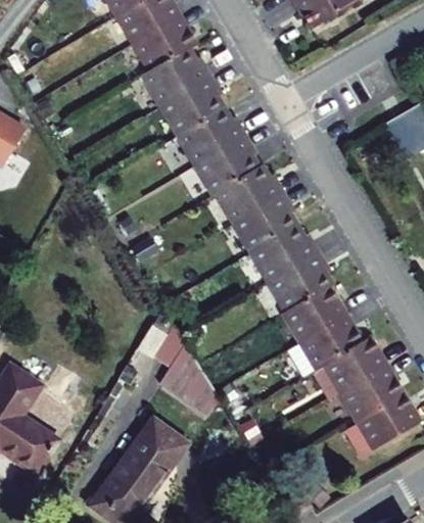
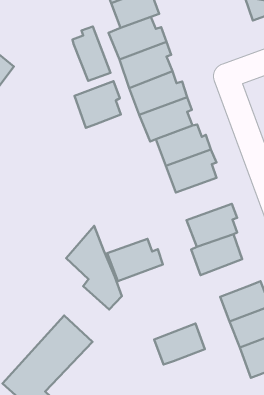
building: none -> [73,27,111,81]
building: none -> [74,81,121,128]
building: [248,221,317,277] -> [107,239,163,281]
building: [294,312,357,367] -> [154,323,205,364]

